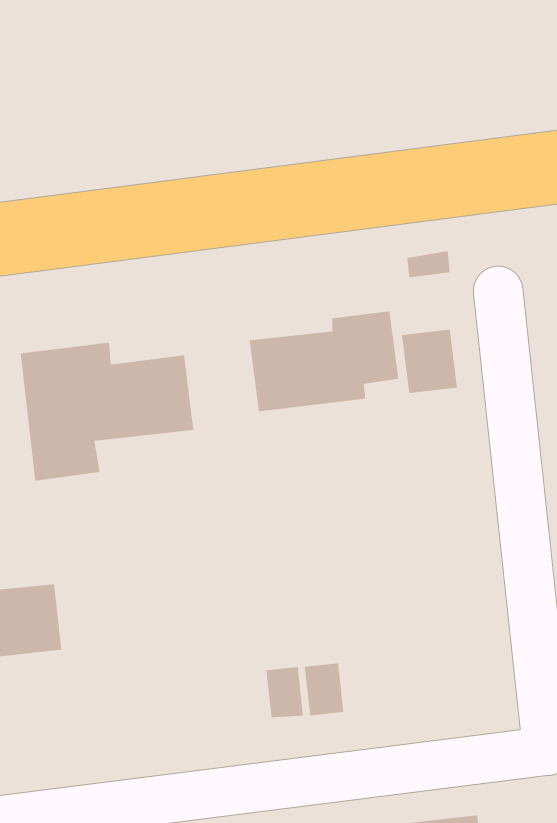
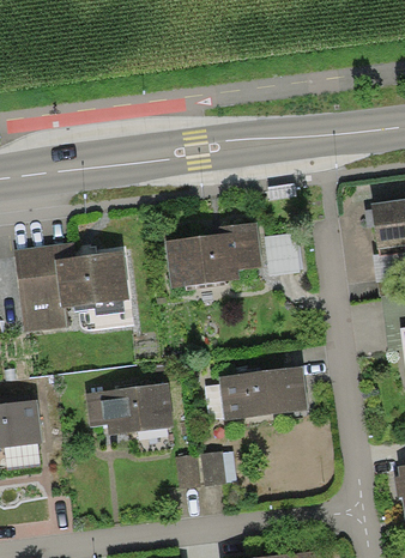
building: none -> [218,366,308,419]
building: none -> [85,383,173,436]

